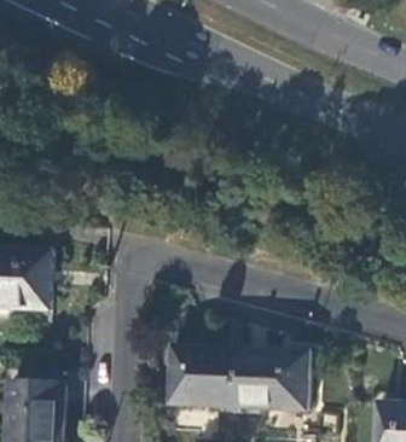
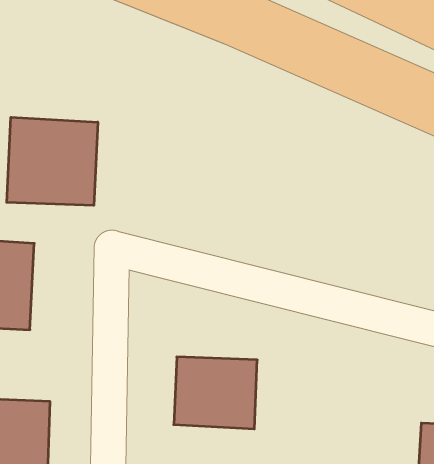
building: none -> [7,117,98,205]
building: [237,348,308,408] -> none

